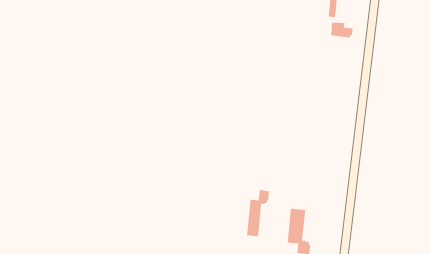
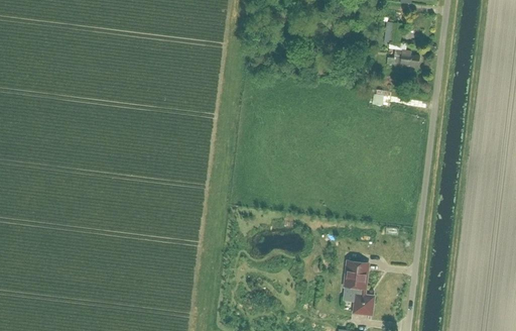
building: [246,189,269,237] -> none

